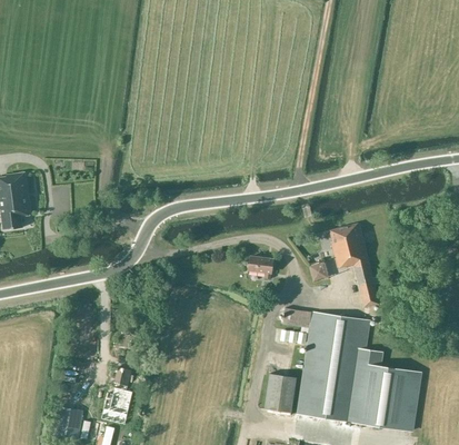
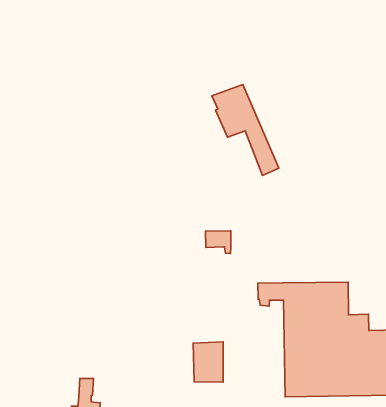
building: [329,224,378,307] -> [212,85,279,176]
building: [265,374,296,413] -> [193,342,223,382]

